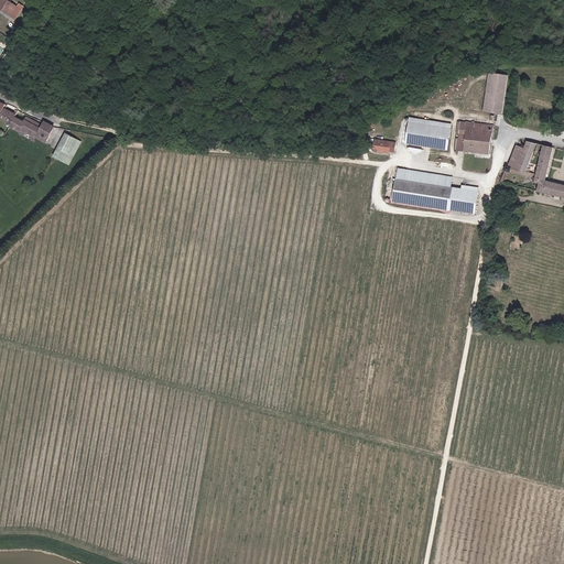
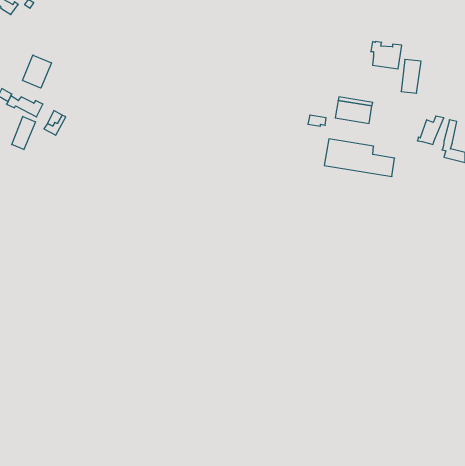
building: none -> [22,55,51,88]
building: [454,120,491,153] -> [371,42,402,69]
building: none -> [12,116,35,150]

